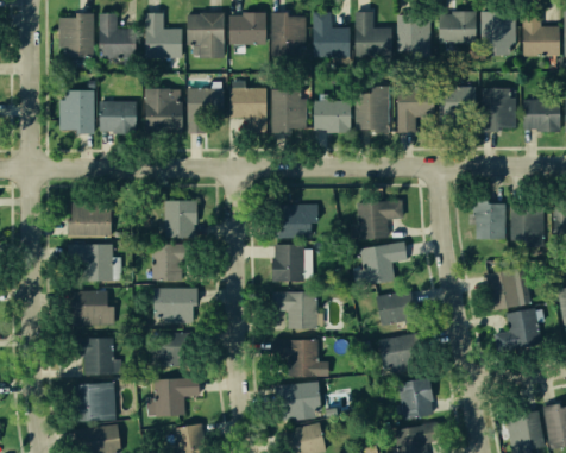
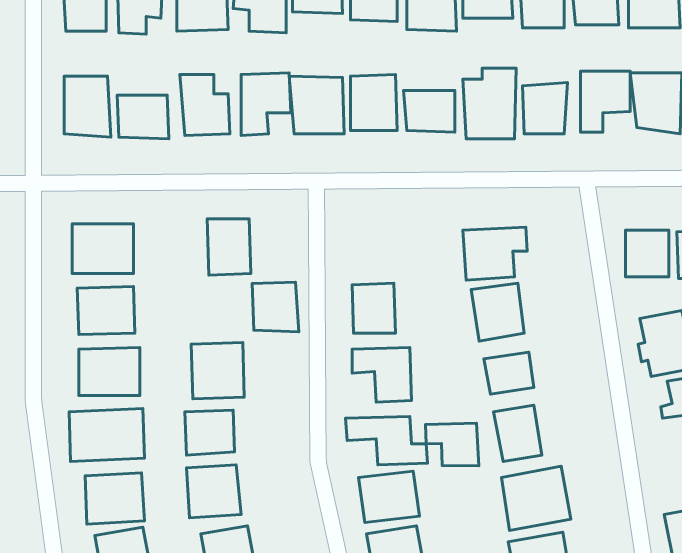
building: [273,201,317,237] -> none
building: [153,244,188,281] -> [252,282,299,332]
building: none -> [426,423,479,466]

